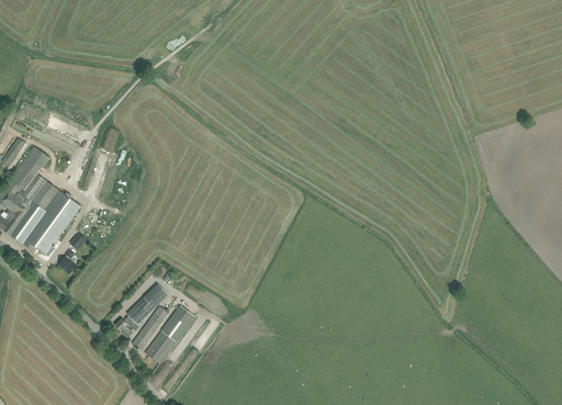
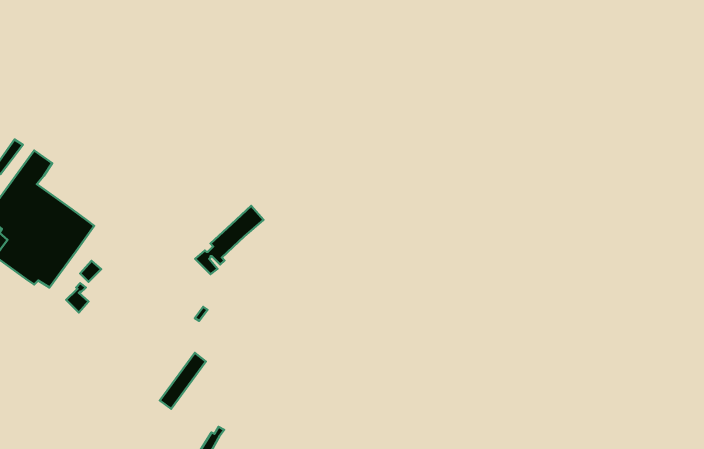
building: [115,283,169,337] -> [195,206,264,274]
building: [146,305,195,362] -> none

